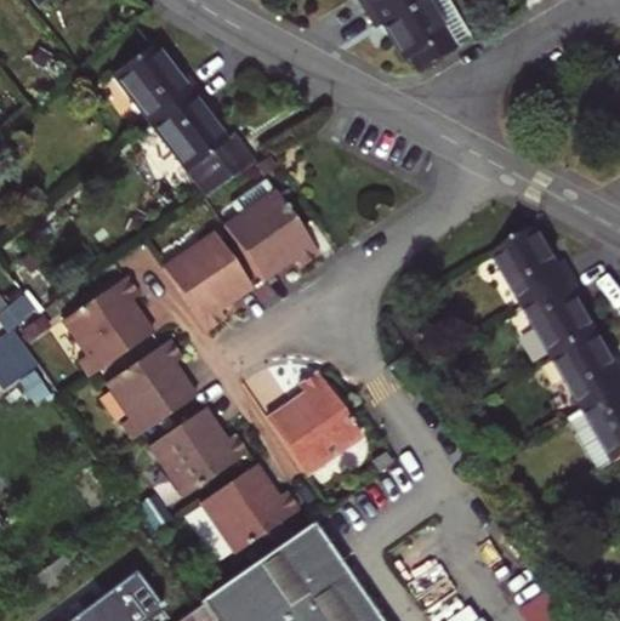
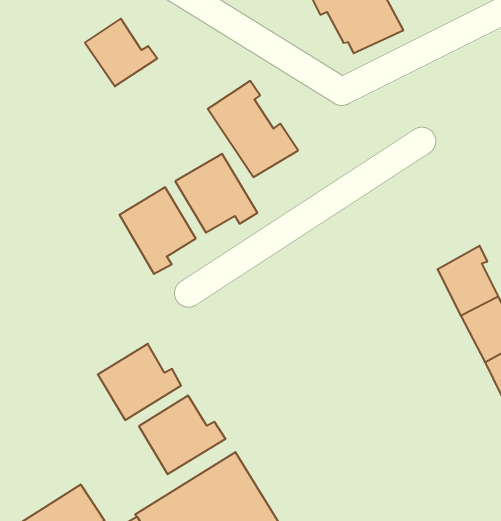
building: [152,87,256,195] -> [208,81,298,177]
building: [495,228,573,307] -> none
building: [64,280,152,377] -> none
building: [106,341,195,439] -> none
building: [269,378,357,477] -> none

